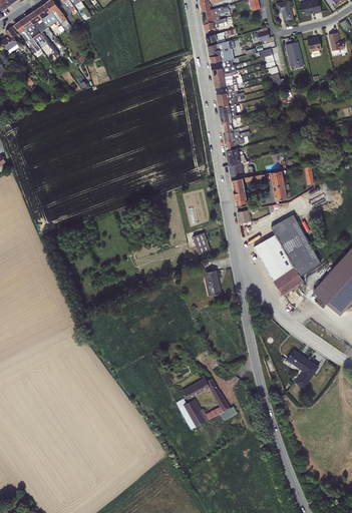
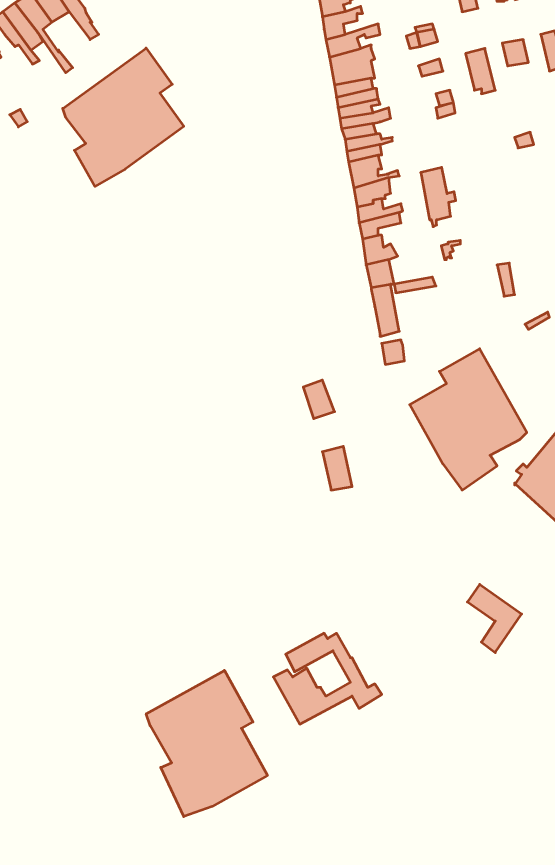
building: none -> [63,48,184,186]
building: [270,170,290,204] -> [421,167,456,227]
building: none -> [146,670,267,817]

